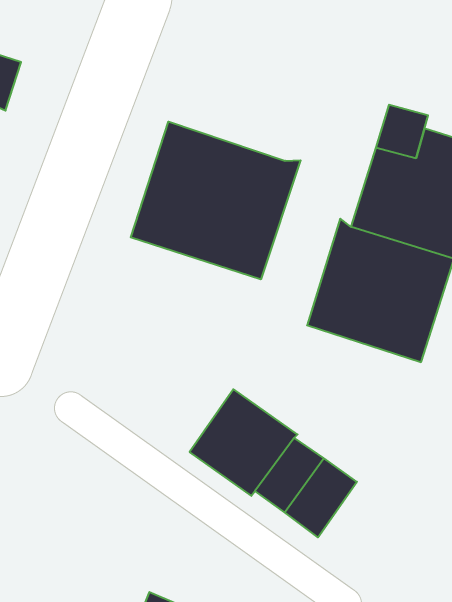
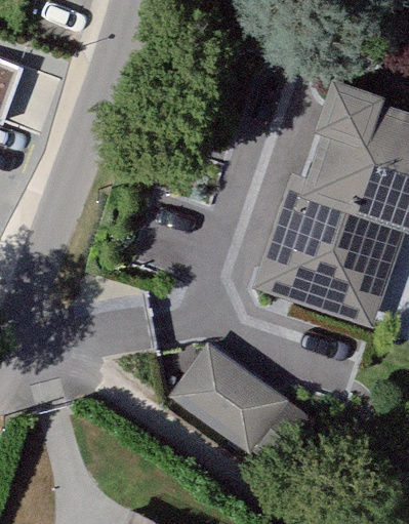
building: [131,122,301,279] -> none

